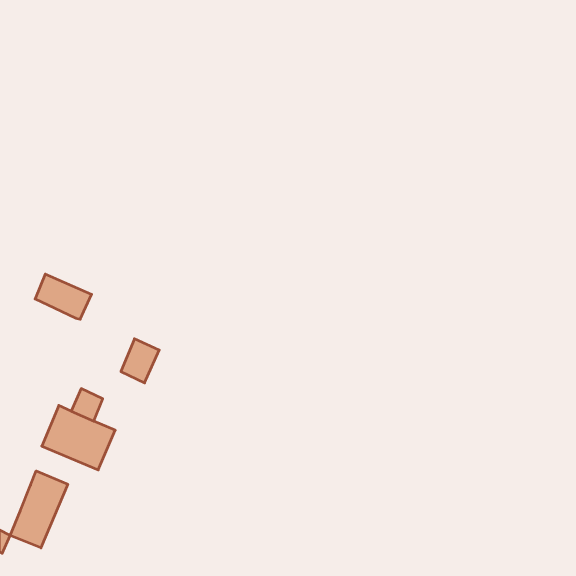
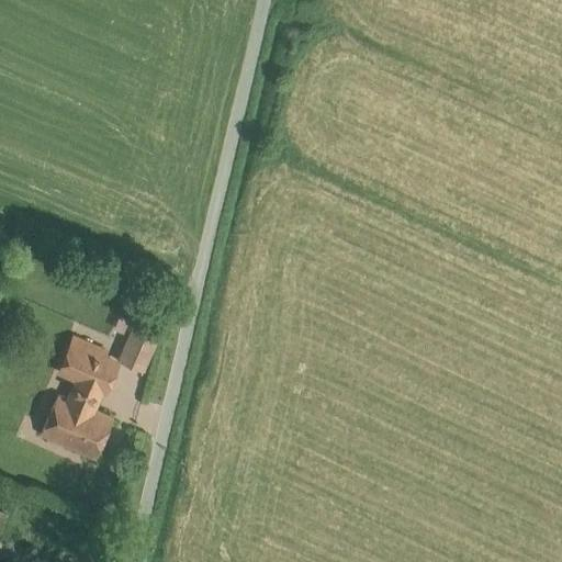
building: [35,274,92,319] -> [60,346,115,390]
building: [10,471,68,548] -> none

